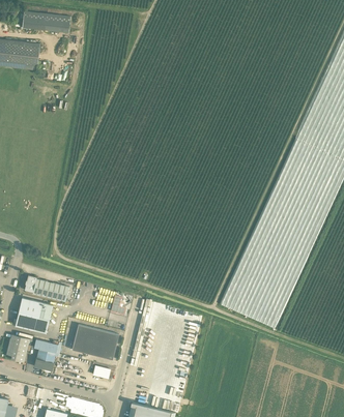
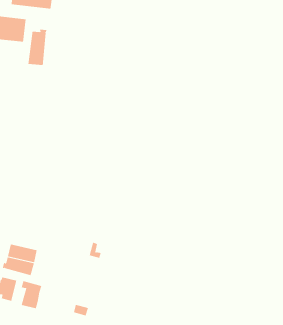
building: none -> [28,29,47,66]
building: [24,275,68,301] -> none
building: [71,324,118,359] -> none

